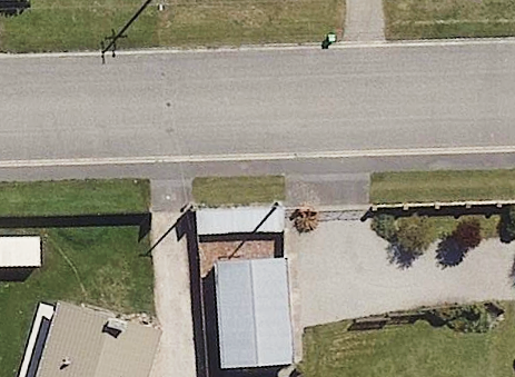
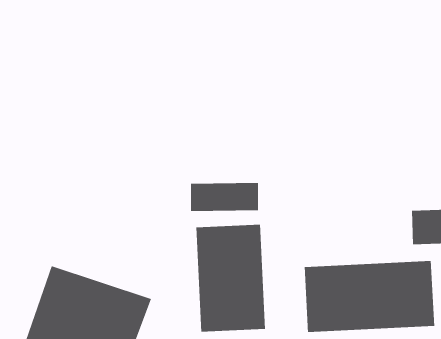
building: none -> [304,260,435,333]

